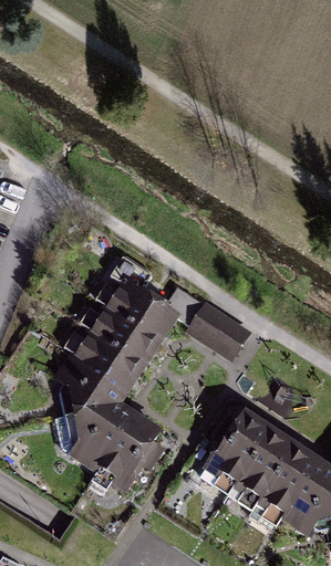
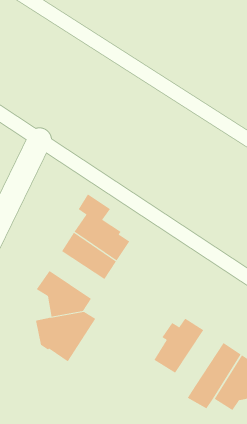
building: [163,285,248,358] -> none
building: [73,327,144,388] -> none
building: [97,413,159,486] -> none
building: [234,428,294,499] -> none

